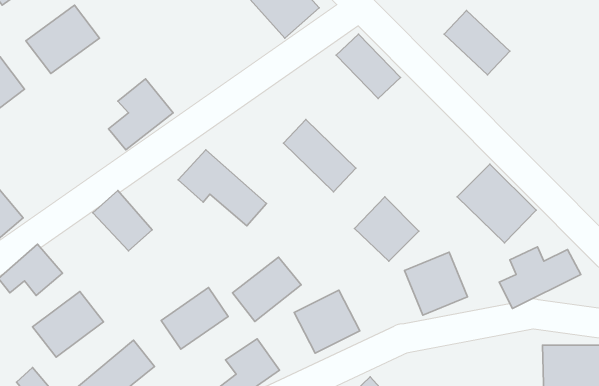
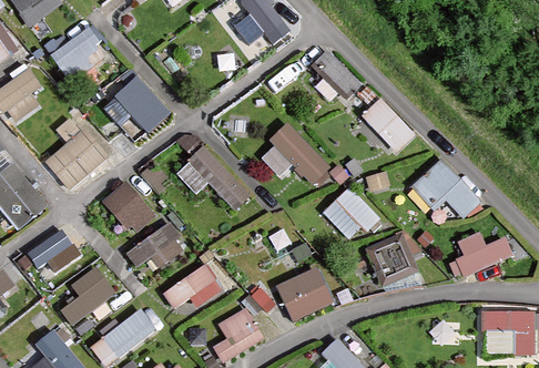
building: [444,11,510,75] -> [357,96,413,151]
building: none -> [45,130,104,187]
building: [233,257,301,322] -> [126,222,184,276]

